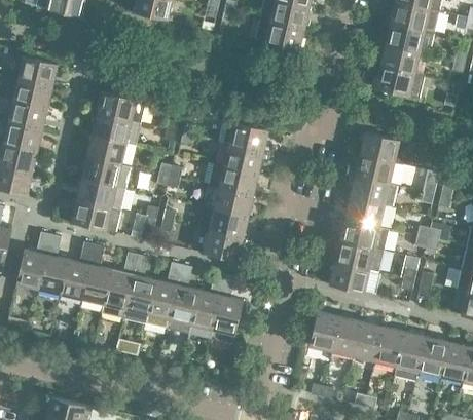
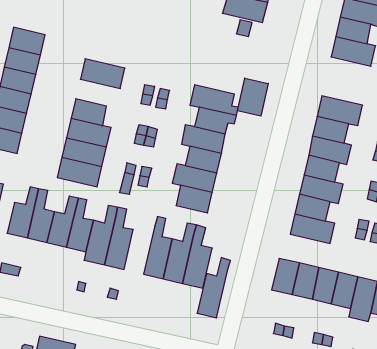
building: none -> [237,78,268,116]
building: [92,112,141,144] -> none
building: [145,261,182,328] -> [197,258,230,318]

